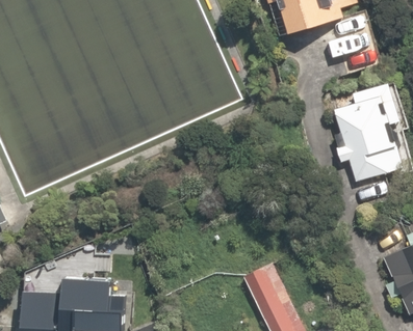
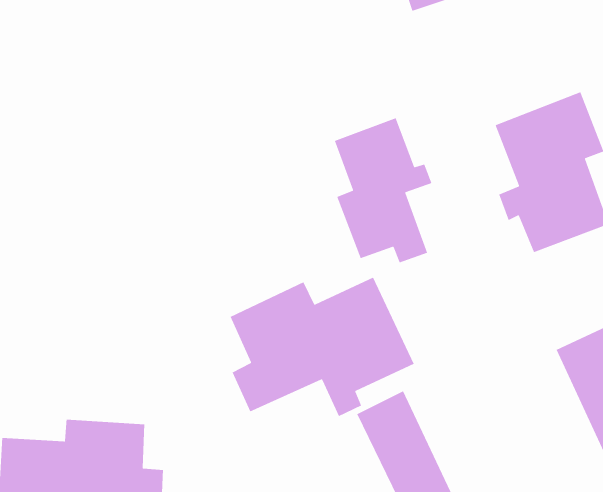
building: none -> [334,117,433,264]
building: none -> [230,277,415,417]

